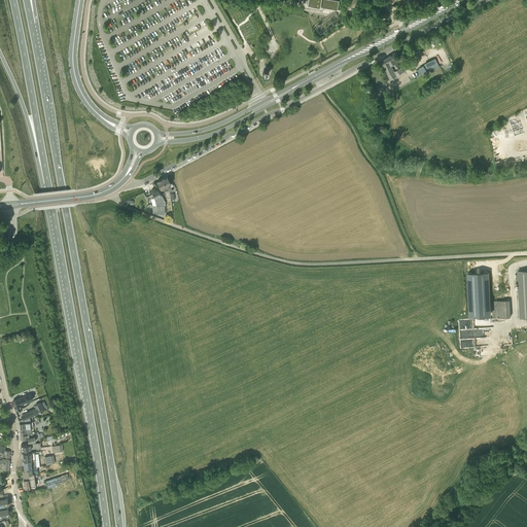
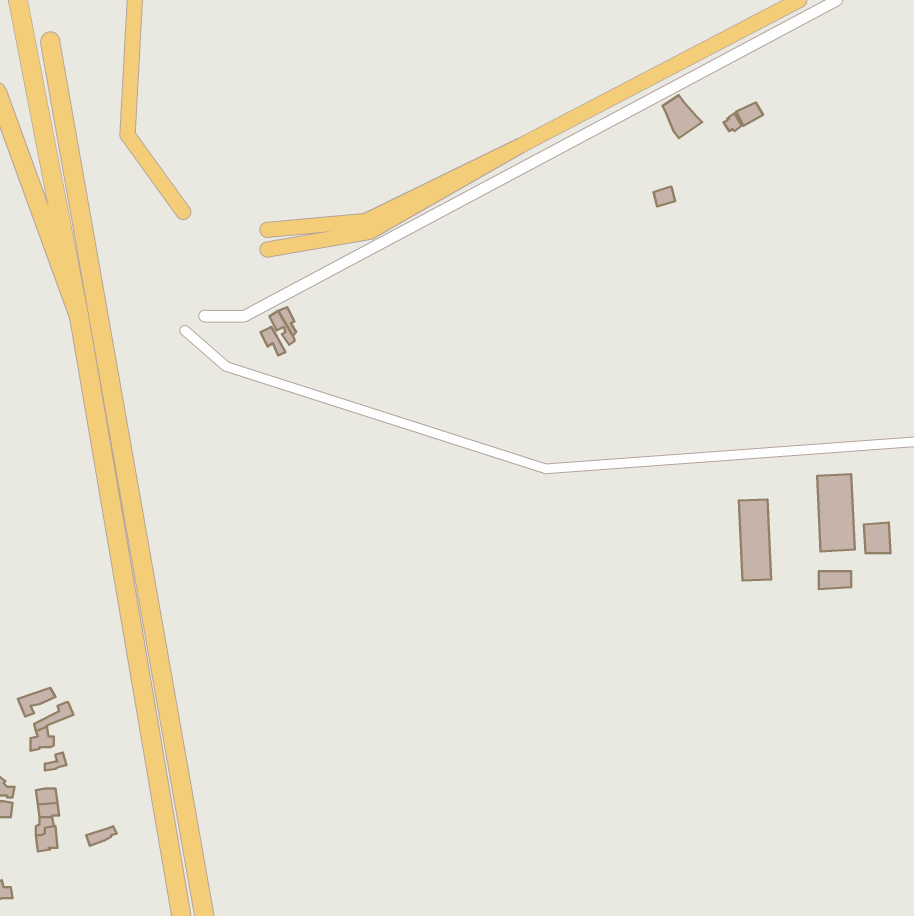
building: none -> [739,499,771,581]

